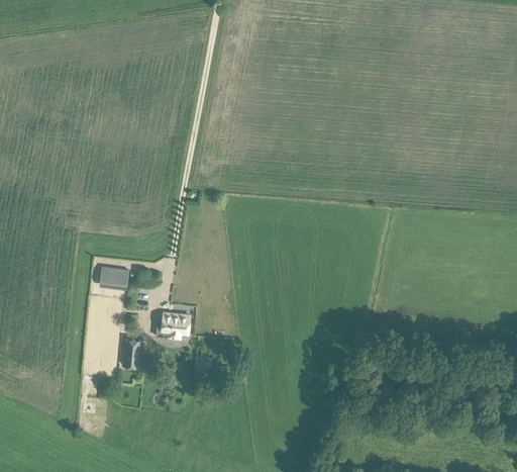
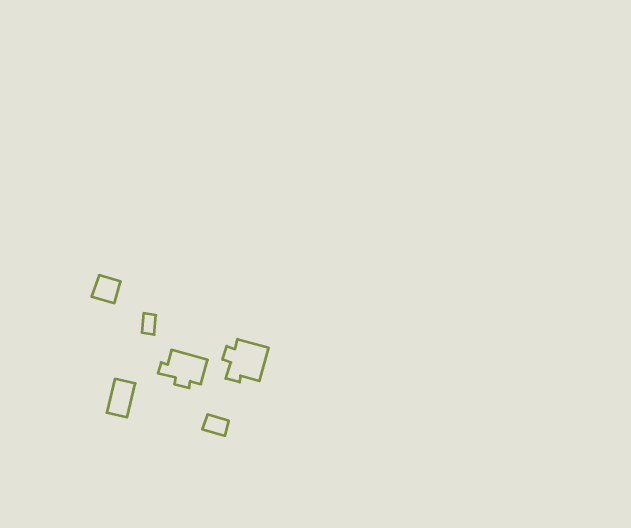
building: none -> [223,339,268,382]

